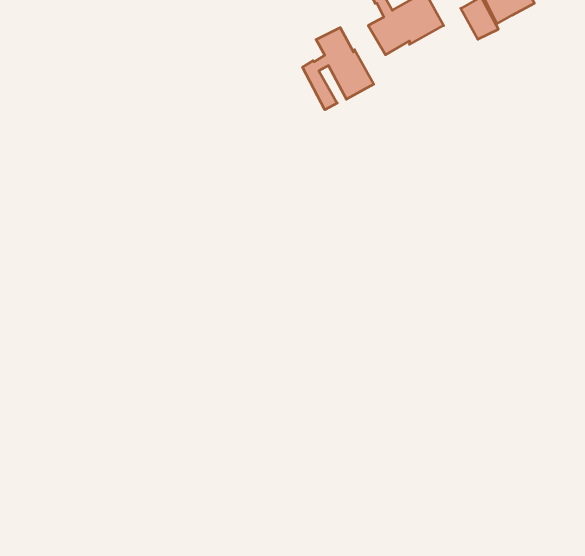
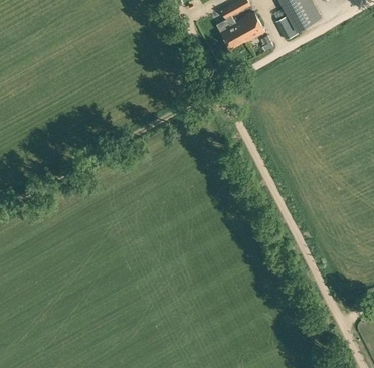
building: [303,28,374,110] -> none

